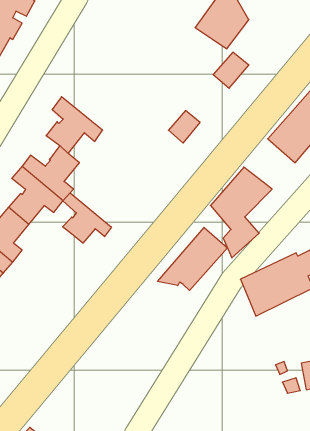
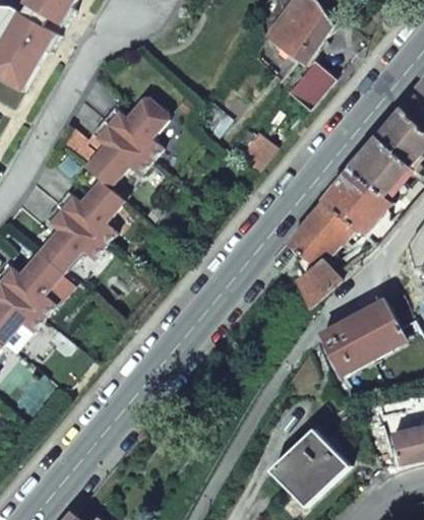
building: none -> [106,95,170,157]
building: none -> [322,168,392,235]
building: [63,193,111,243] -> none
building: [158,227,227,290] -> none
building: none -> [267,431,343,505]

